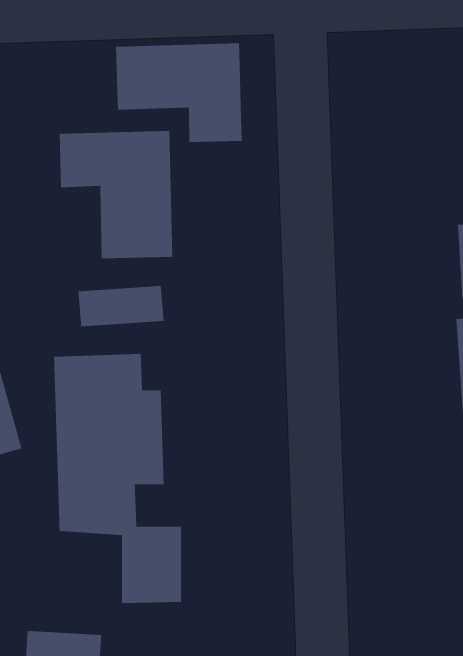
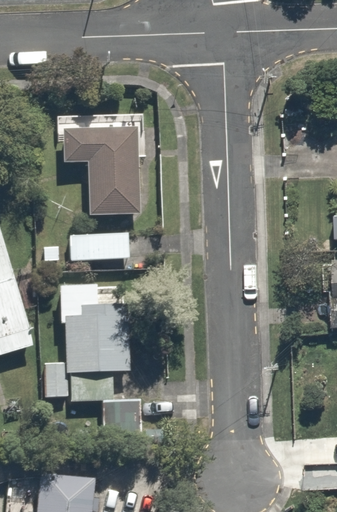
building: [115,43,242,143] -> none

